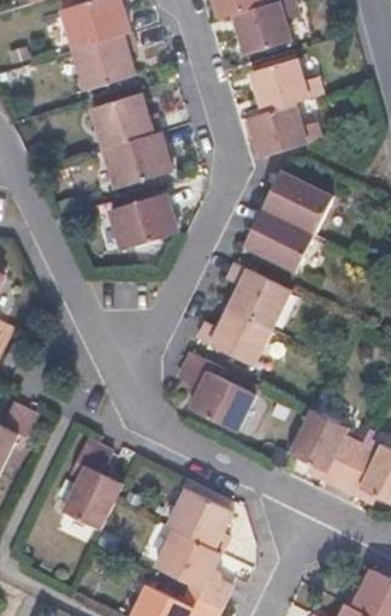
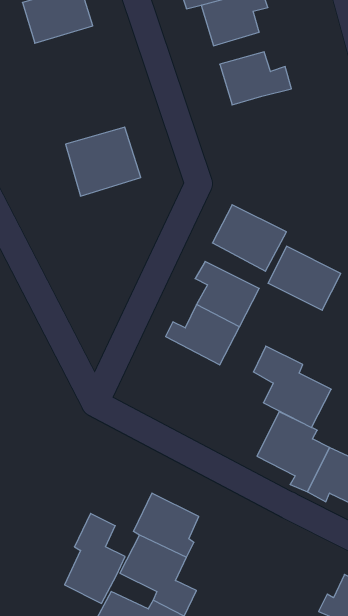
building: [71,32,134,90] -> none
building: [89,93,159,148] -> none
building: [249,101,320,156] -> none
building: [263,171,334,233] -> [268,246,341,310]
building: [109,202,177,255] -> none
building: [179,350,255,430] -> [253,346,331,427]
building: [63,439,122,527] -> [65,513,125,603]

